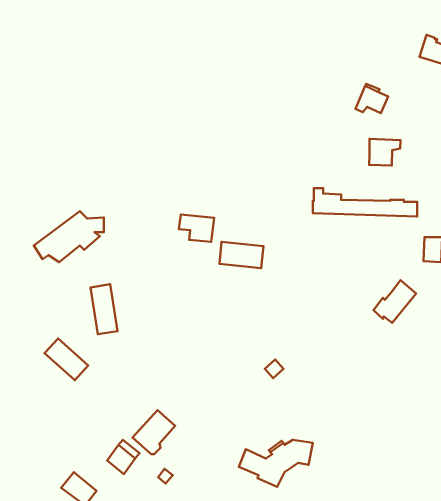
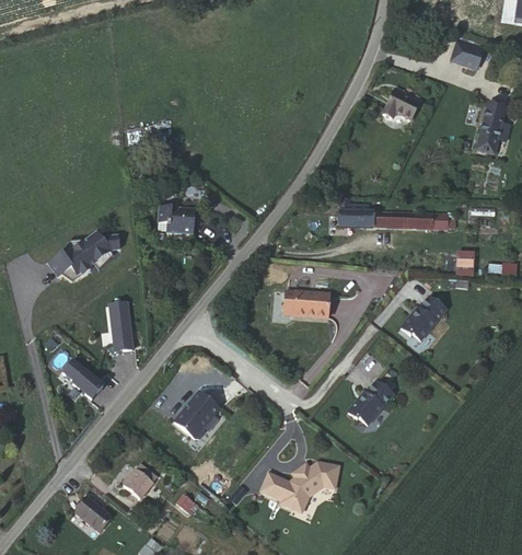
building: [369,139,401,166] -> none
building: [179,215,214,242] -> [159,207,196,235]
building: [219,242,263,268] -> [286,290,332,317]
building: none -> [349,380,394,425]
building: [132,410,175,454] -> [175,393,220,439]

